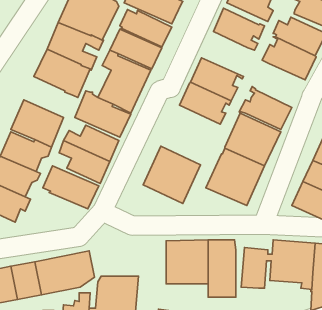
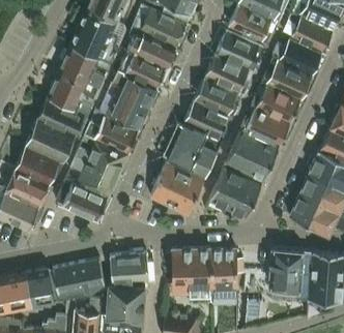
building: none -> [204,56,250,96]
building: none -> [251,81,300,123]
building: none -> [37,98,84,134]
building: none -> [167,123,222,176]
building: none -> [109,253,153,282]

